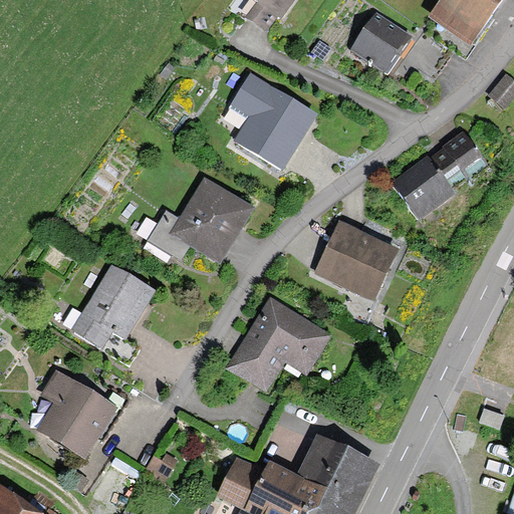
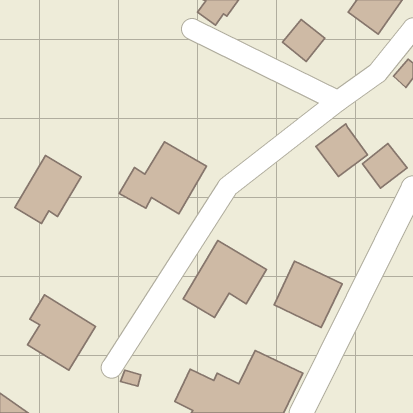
building: [226,71,317,169] -> none
building: [431,133,486,188] -> [363,143,407,188]
building: [313,219,398,301] -> [274,261,342,328]
building: [71,263,154,347] -> [15,156,81,224]

